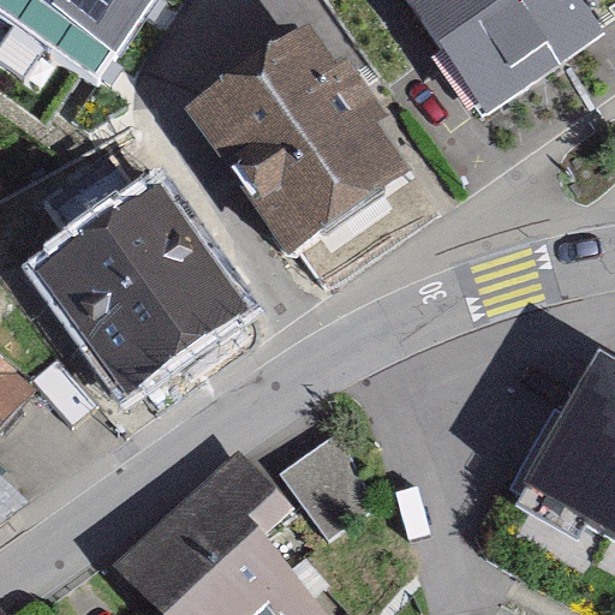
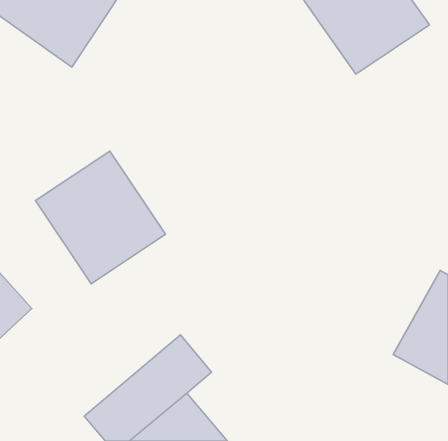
building: [198,46,390,244] -> none
building: [280,425,377,530] -> none

